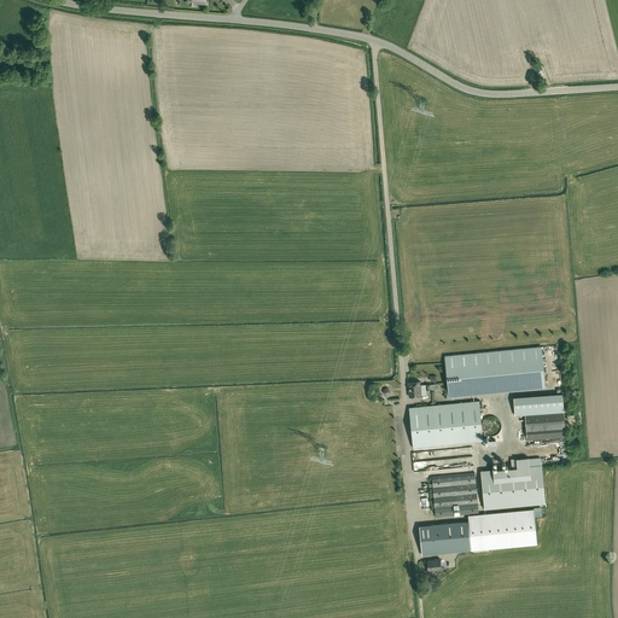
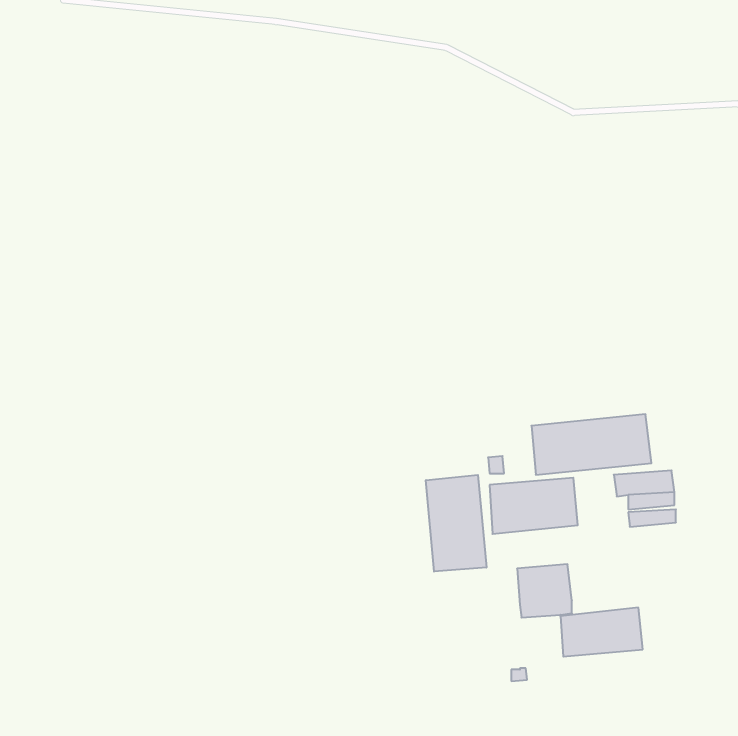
building: none -> [426,475,486,572]
building: [480,459,546,511] -> none
building: [419,523,470,555] -> none

